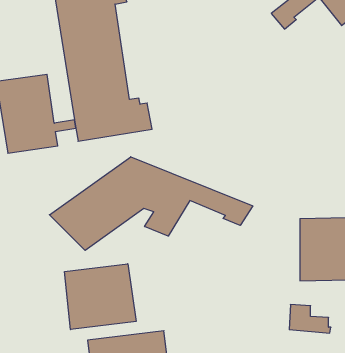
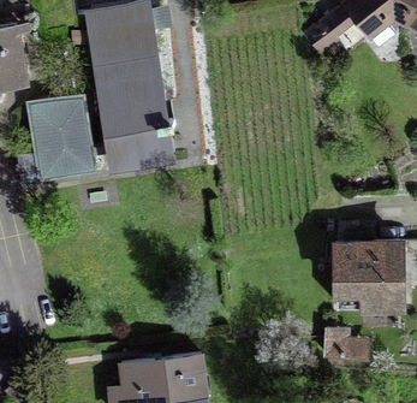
building: [49,157,253,250] -> none
building: [65,264,136,330] -> none

